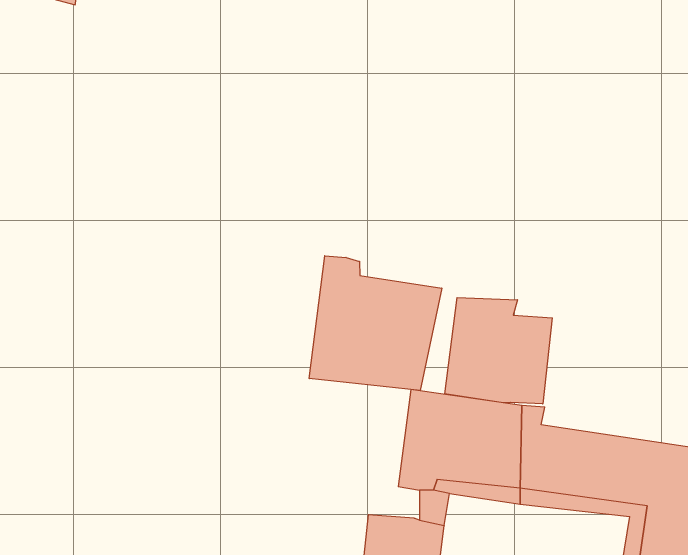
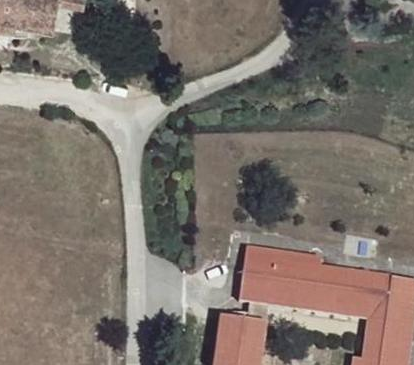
building: [309,256,442,390] -> none
building: [445,298,552,404] -> none

